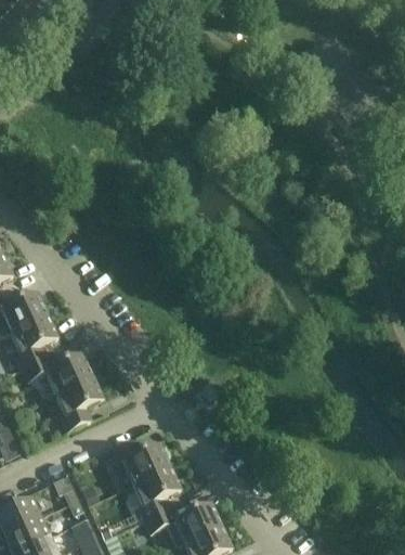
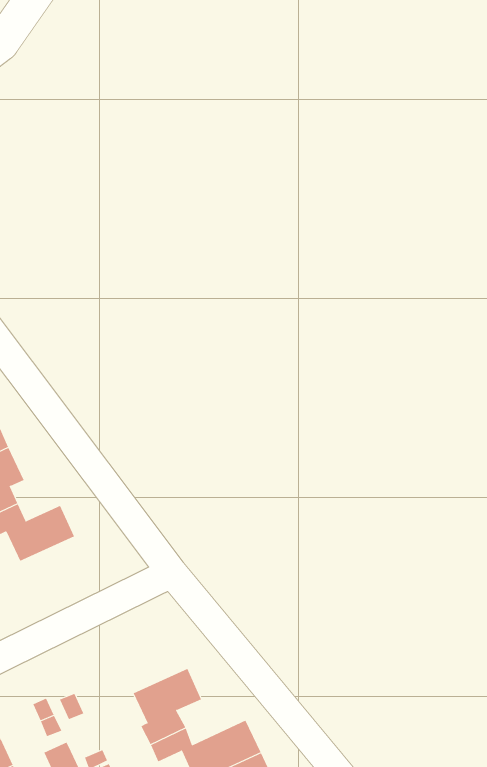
building: [53,374,102,428] -> none
building: [109,438,169,482] -> none

